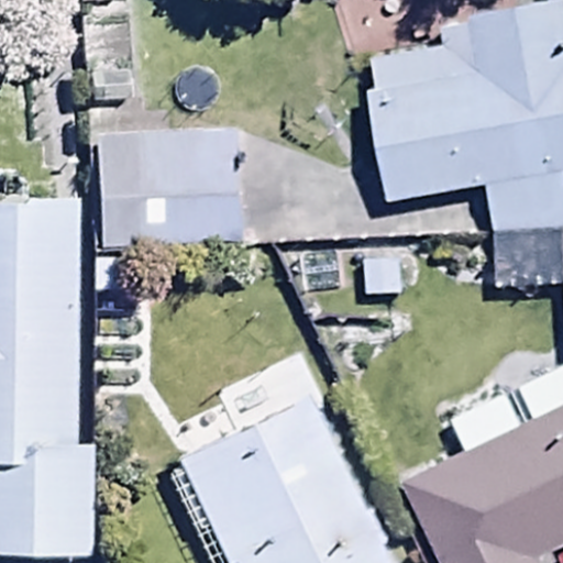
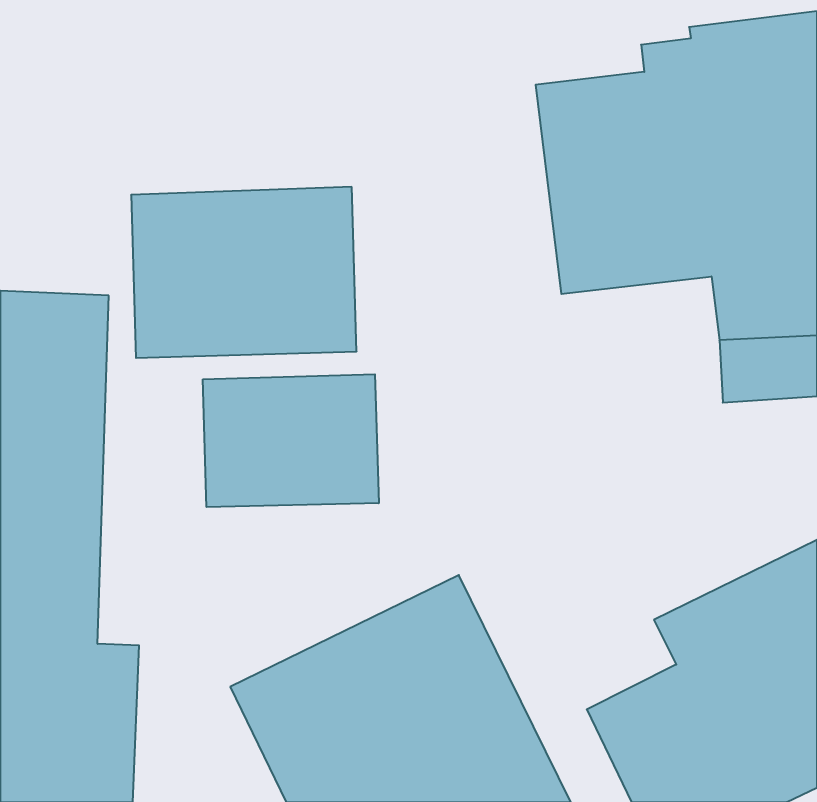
building: none -> [203,374,379,507]

